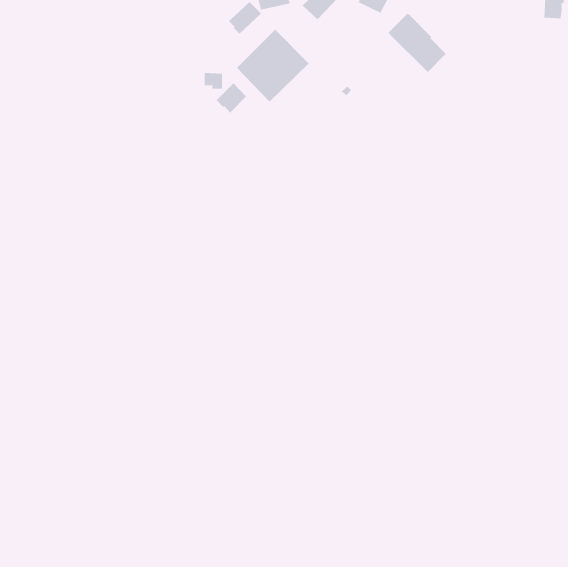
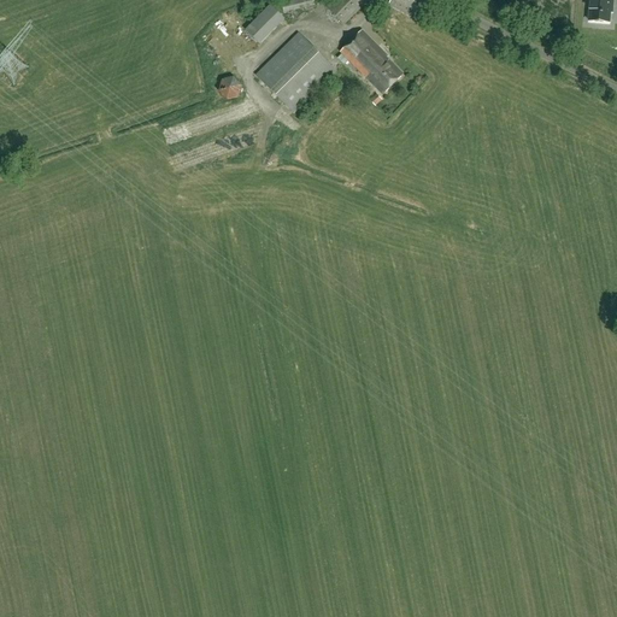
building: [388,13,447,73] -> [339,28,402,93]
building: [216,83,247,113] -> none

